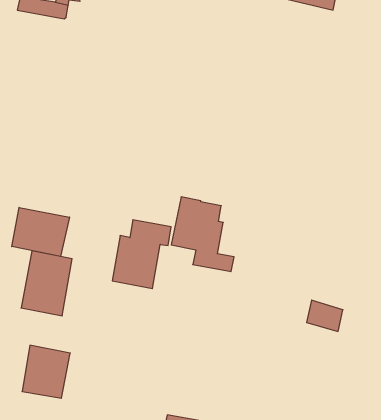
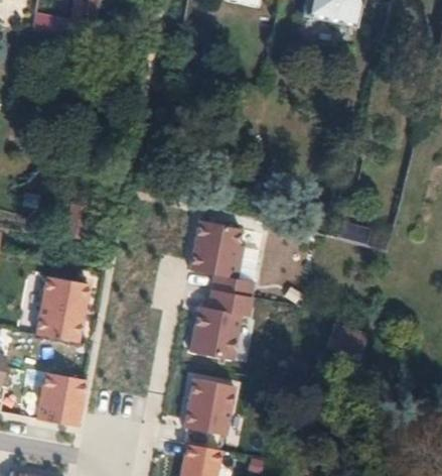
building: [12,207,69,256] -> none
building: [112,220,171,289] -> [191,289,252,360]
building: none -> [183,378,234,436]

